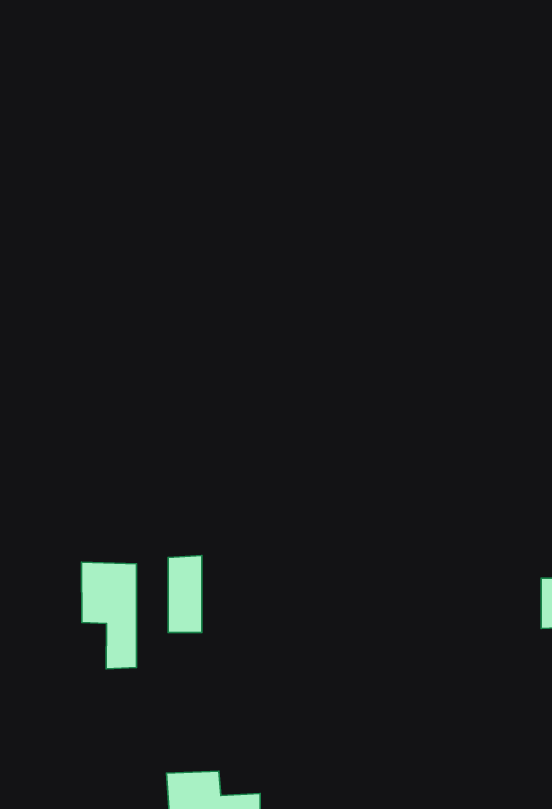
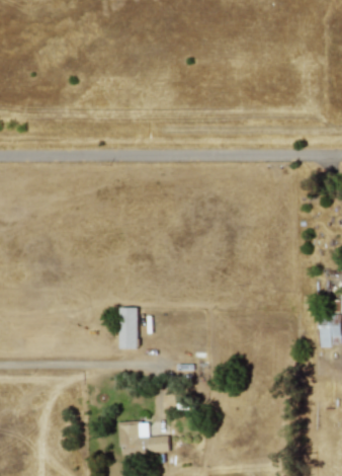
building: [81,562,137,669] -> none

